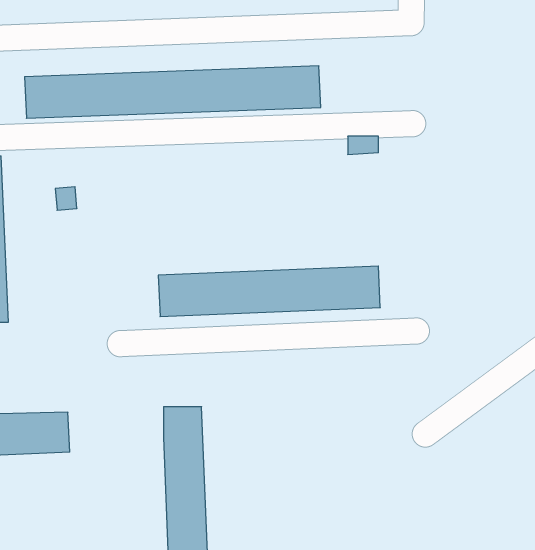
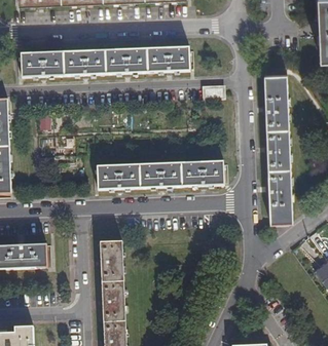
building: none -> [265,74,293,223]

